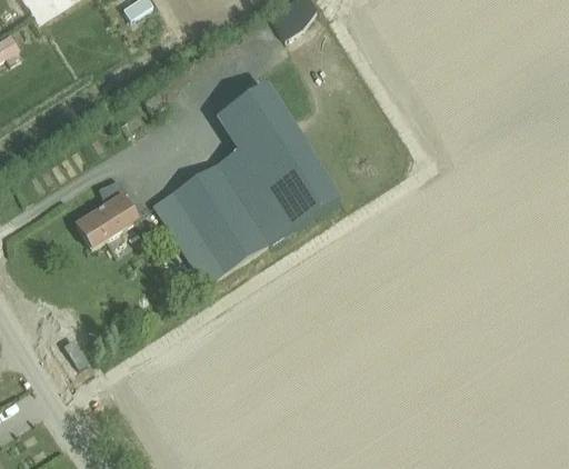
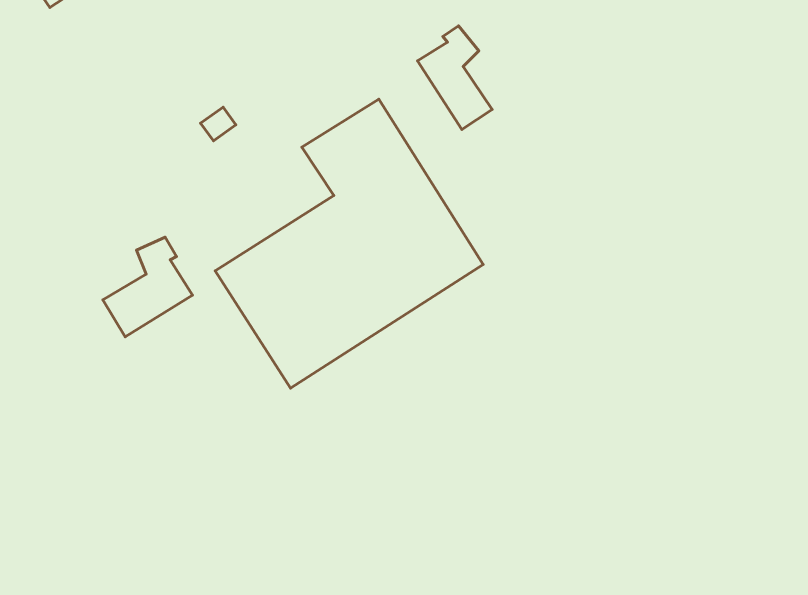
building: none -> [418,26,492,129]

